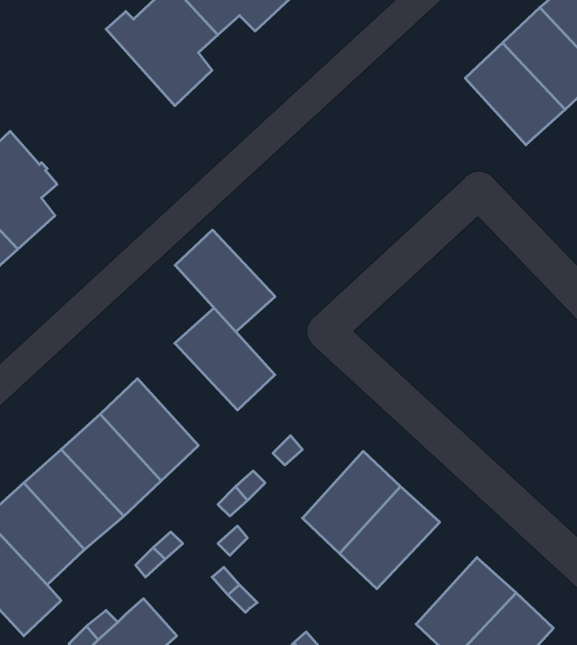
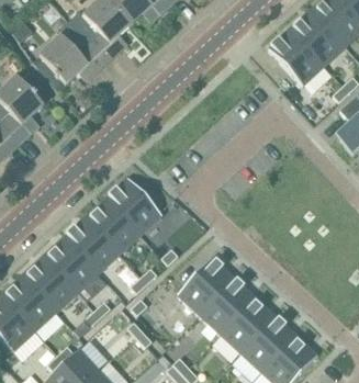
building: none -> [33,21,106,90]
building: [175,230,275,332] -> [86,196,142,254]
building: none -> [220,296,276,353]

